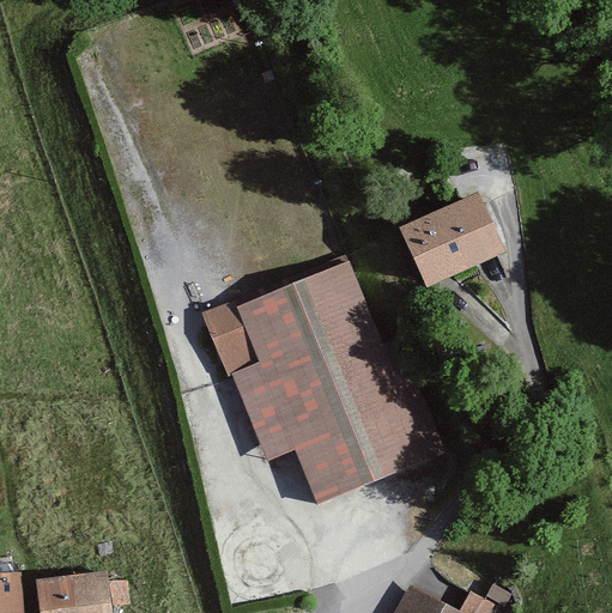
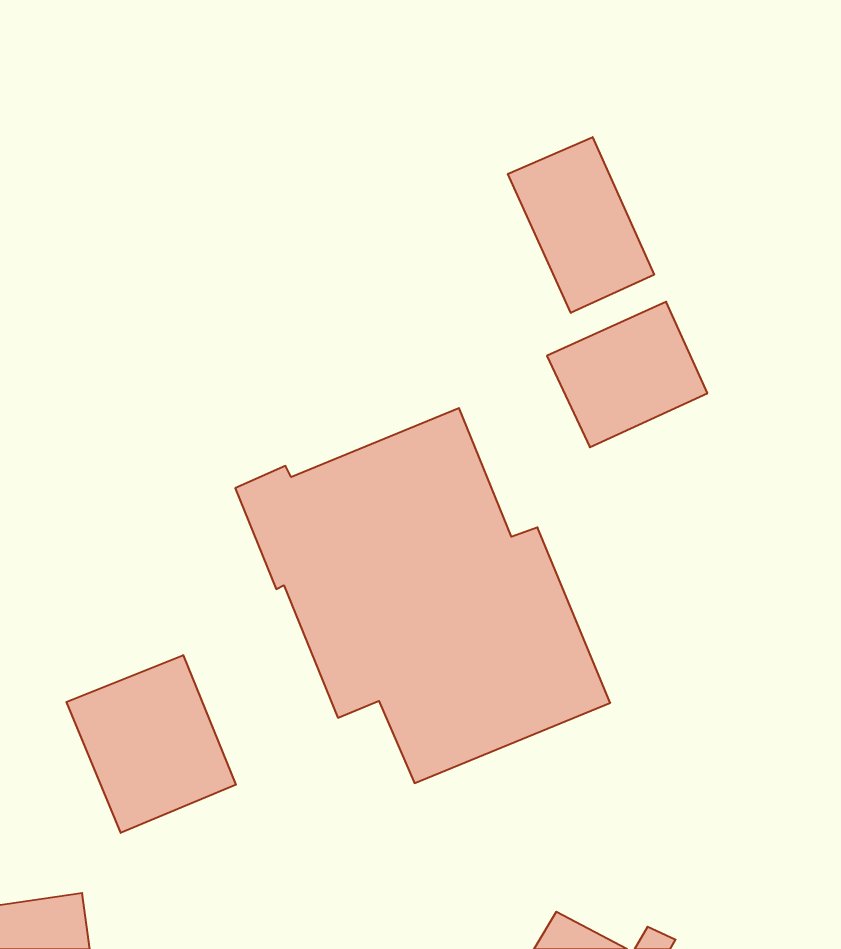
building: none -> [508,137,654,313]
building: none -> [66,655,236,833]

